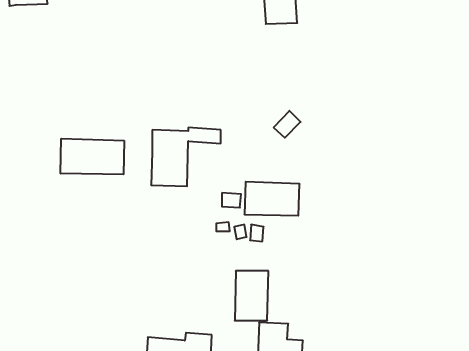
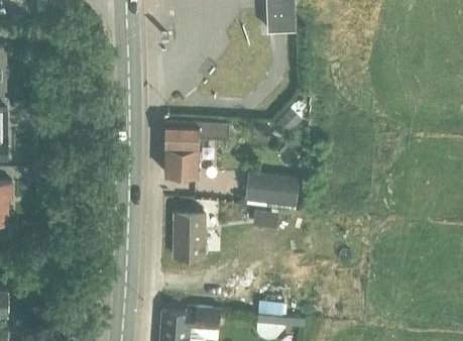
building: [61,139,124,174] -> none
building: [235,271,268,321] -> [175,215,205,259]

